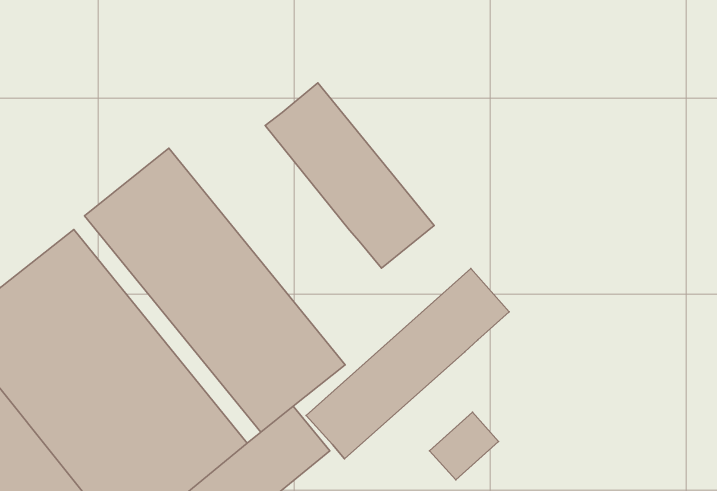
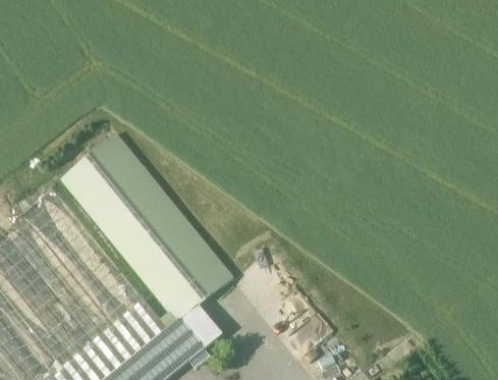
building: [265,83,434,268] -> none
building: [306,268,509,459] -> none

